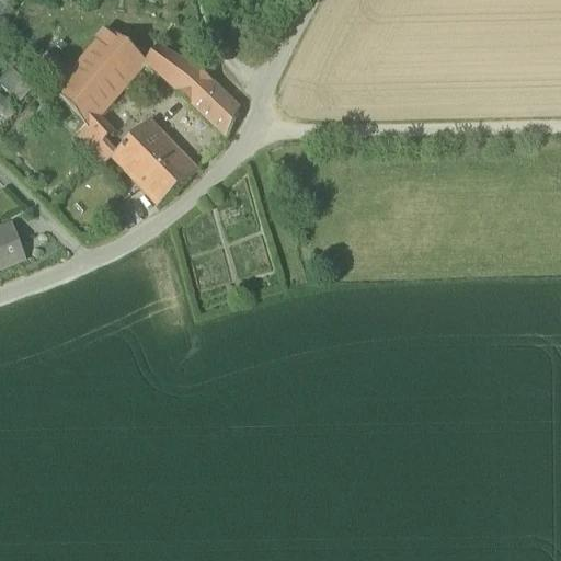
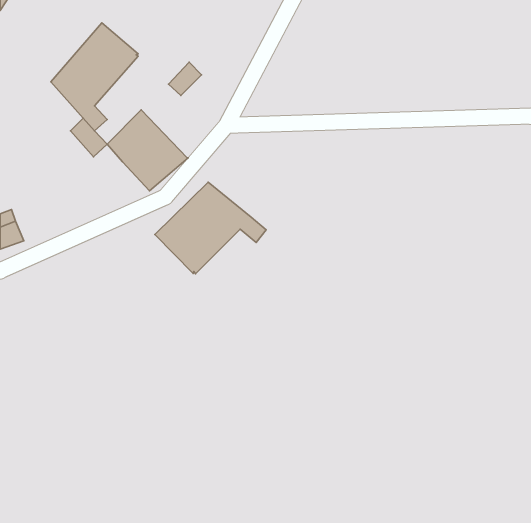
building: [144,42,199,89] -> none
building: [191,79,239,133] -> none
building: none -> [155,182,266,274]

